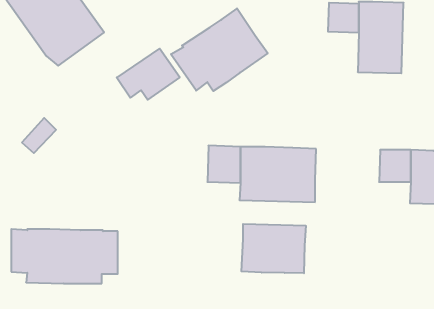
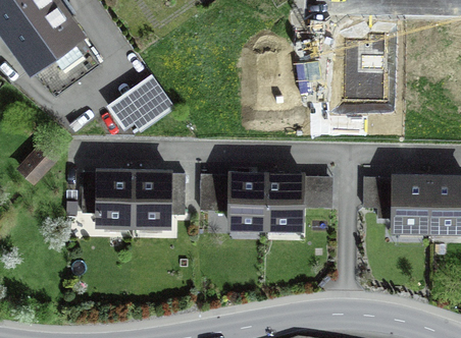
building: [171,8,268,91] -> none
building: none -> [302,175,330,206]
building: [241,224,306,273] -> none
building: [11,229,118,283] -> [83,171,185,223]

